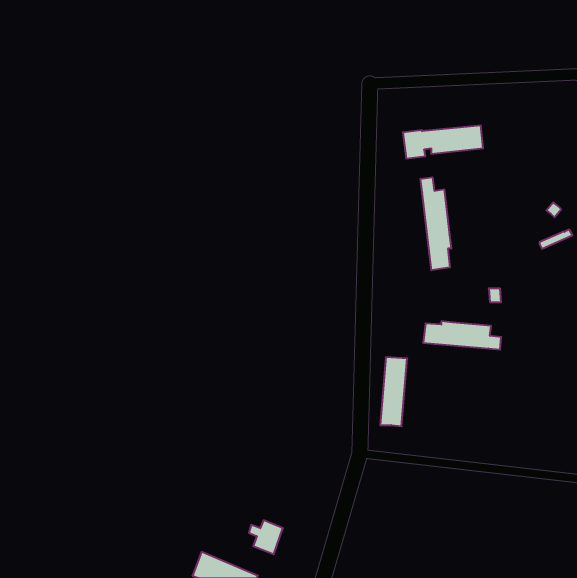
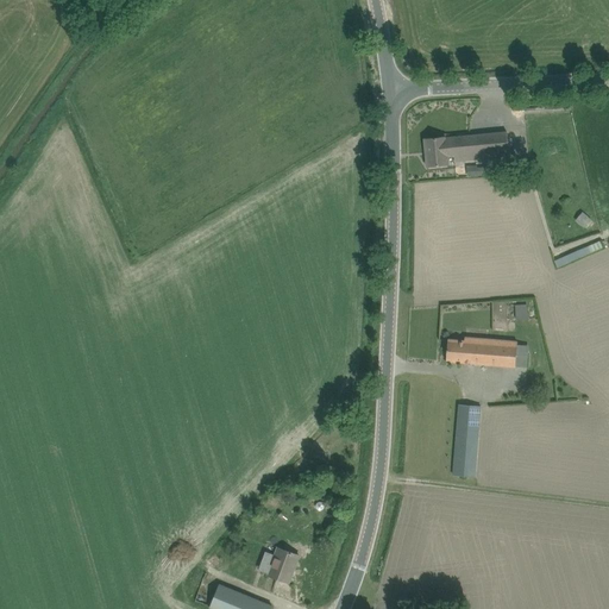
building: [421,177,451,270] -> none
building: [380,357,407,426] -> [452,404,481,477]

